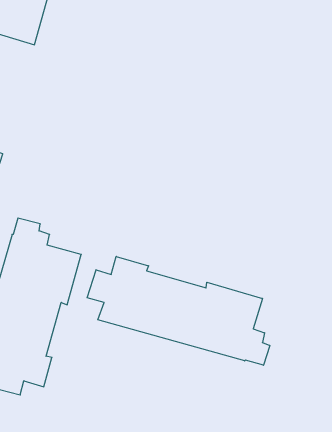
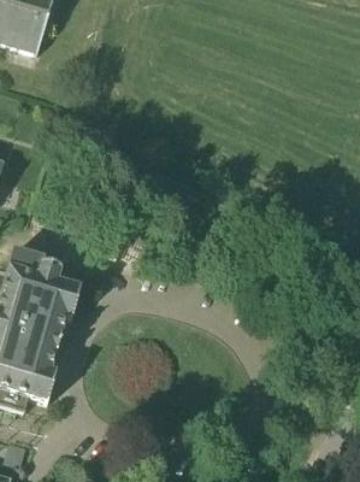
building: [87,256,270,365] -> none

